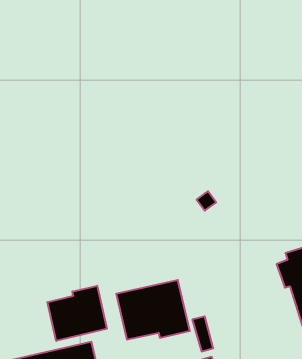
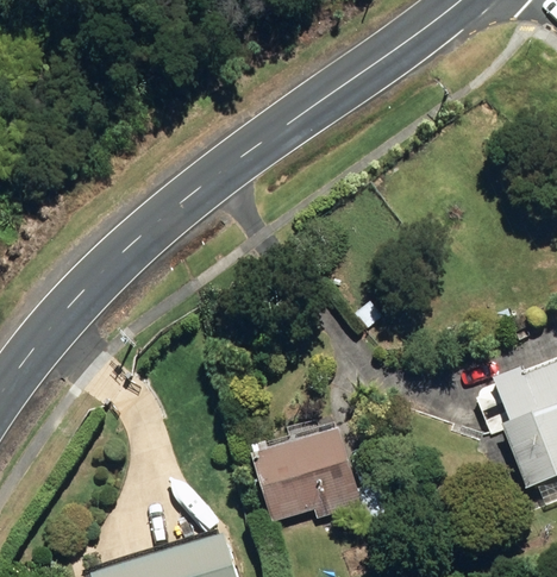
building: [47,286,107,341] -> none

